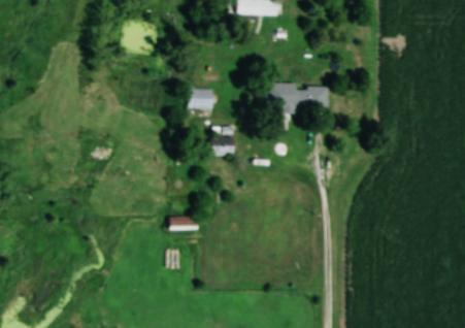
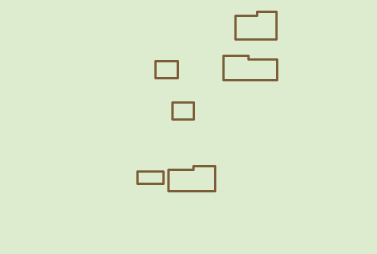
building: none -> [236,12,276,39]
building: none -> [168,166,215,191]

